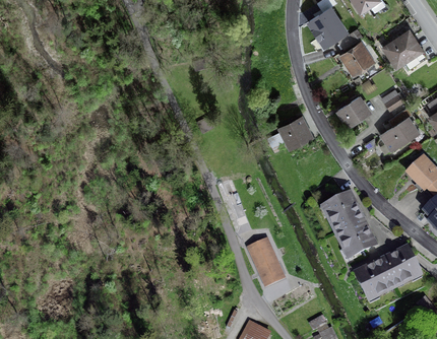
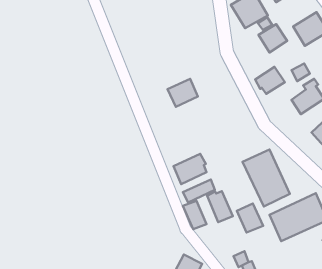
building: [278,115,315,148] -> [167,79,198,107]
building: none -> [173,154,207,184]
building: none -> [207,191,233,222]
building: none -> [237,203,263,233]

